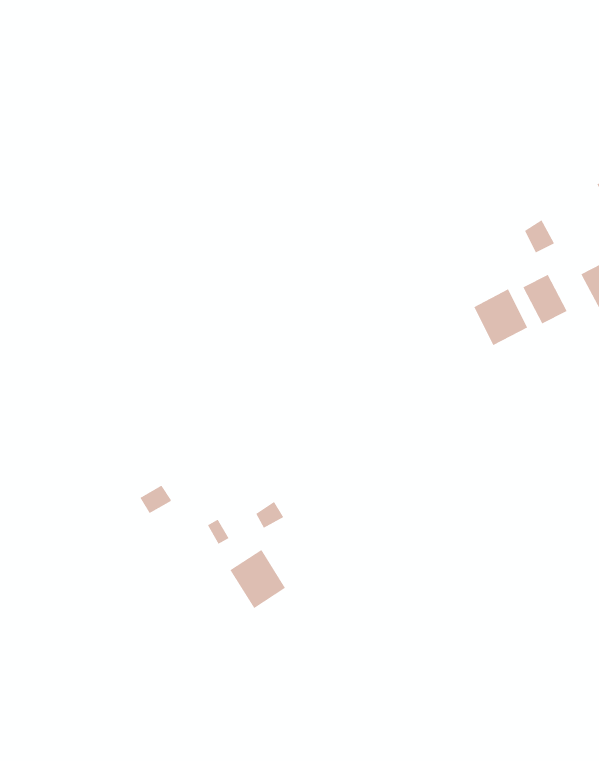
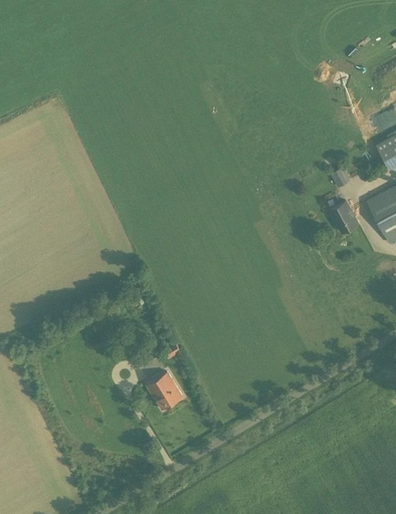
building: [474,289,528,346] -> none

